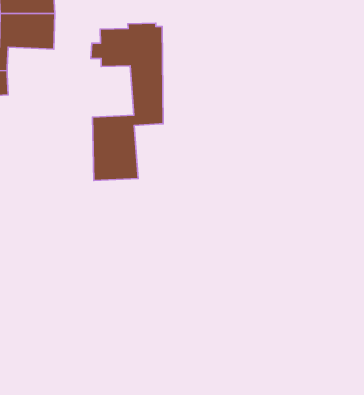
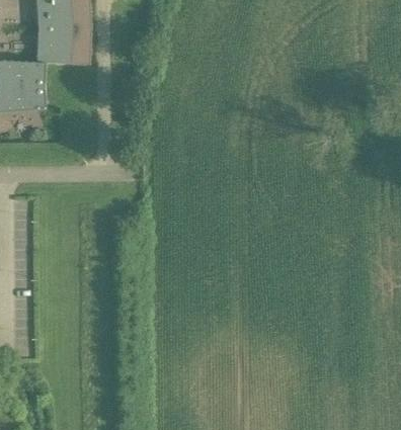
building: [91,23,163,181] -> none

